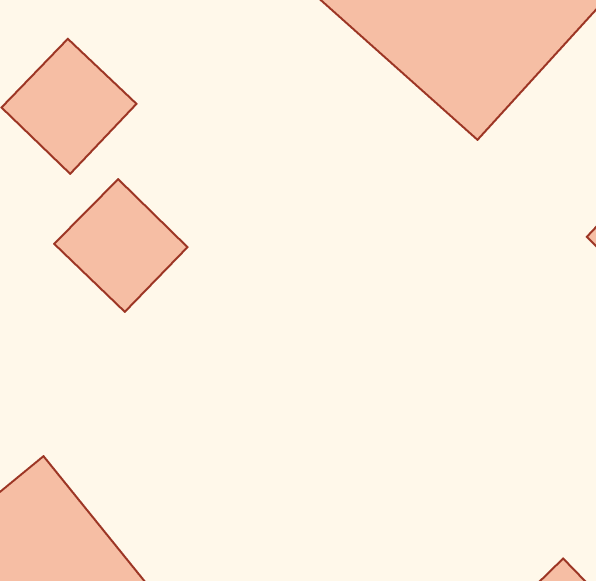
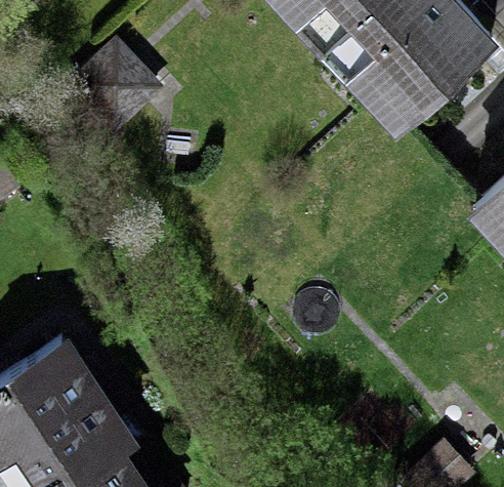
building: [54,179,187,312] -> none

